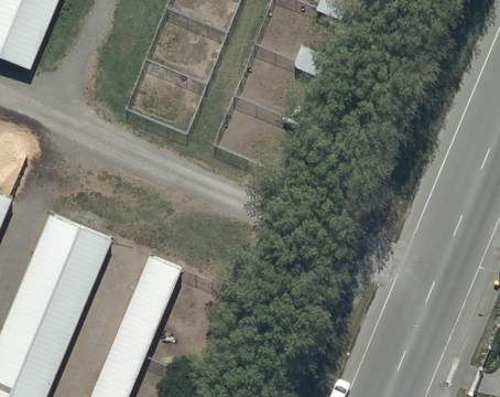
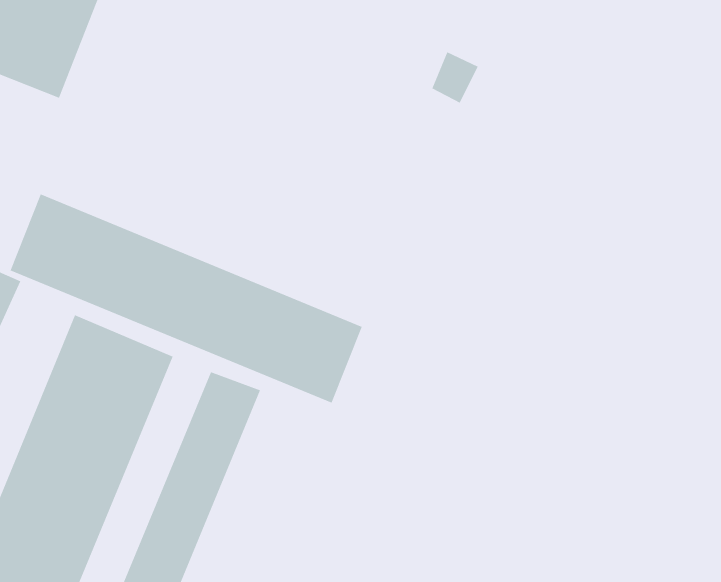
building: none -> [10,194,362,404]

